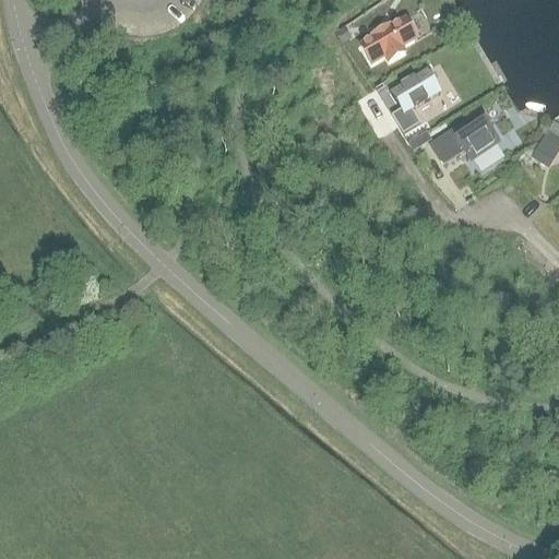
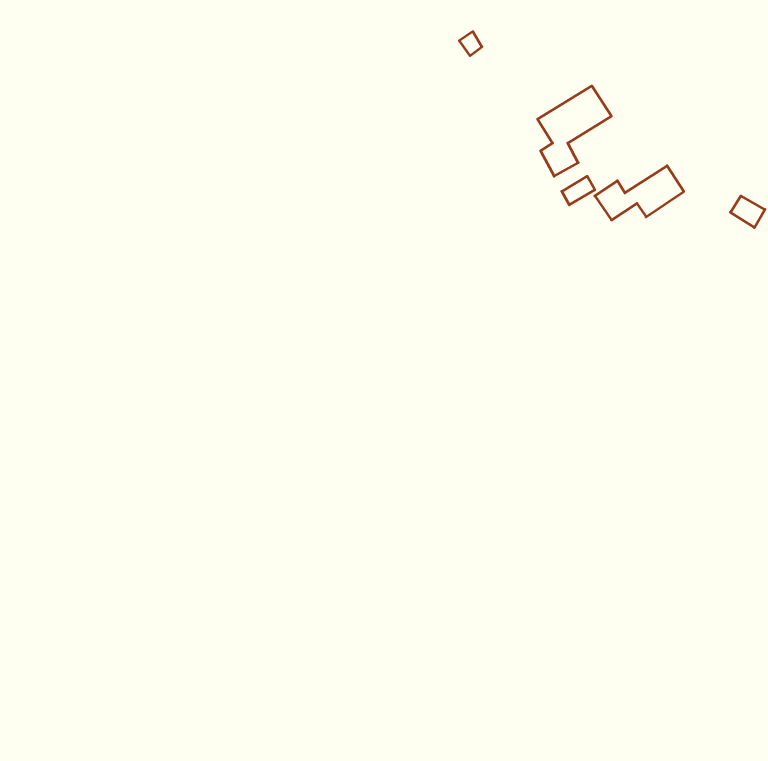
building: [358,14,415,61] -> none

